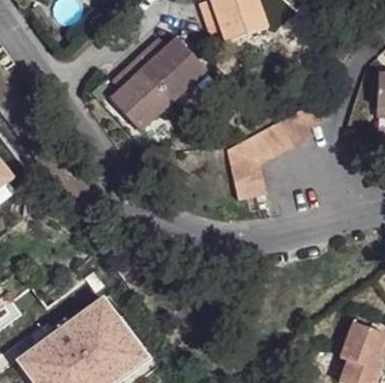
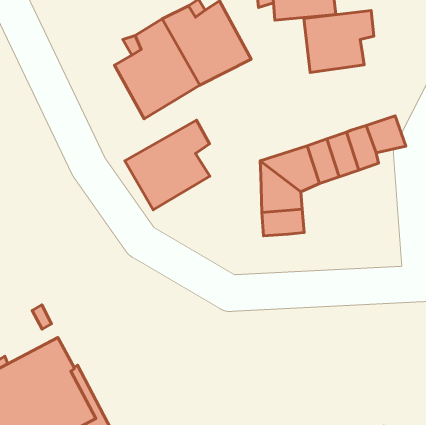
building: none -> [304,10,374,72]
building: none -> [125,120,210,210]

